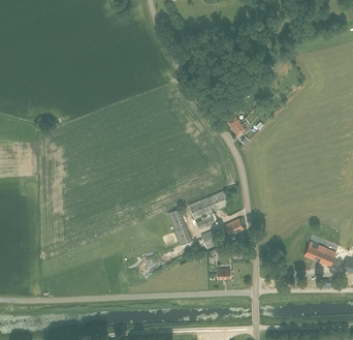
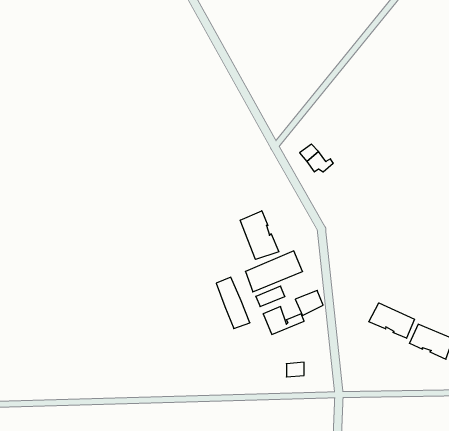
building: none -> [240,211,279,259]
building: none -> [369,303,414,338]

